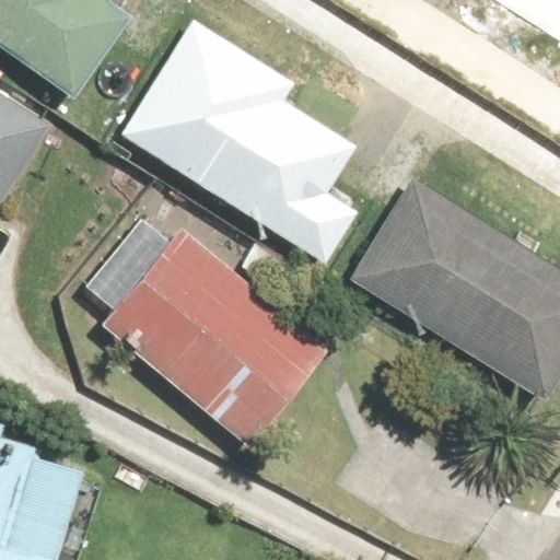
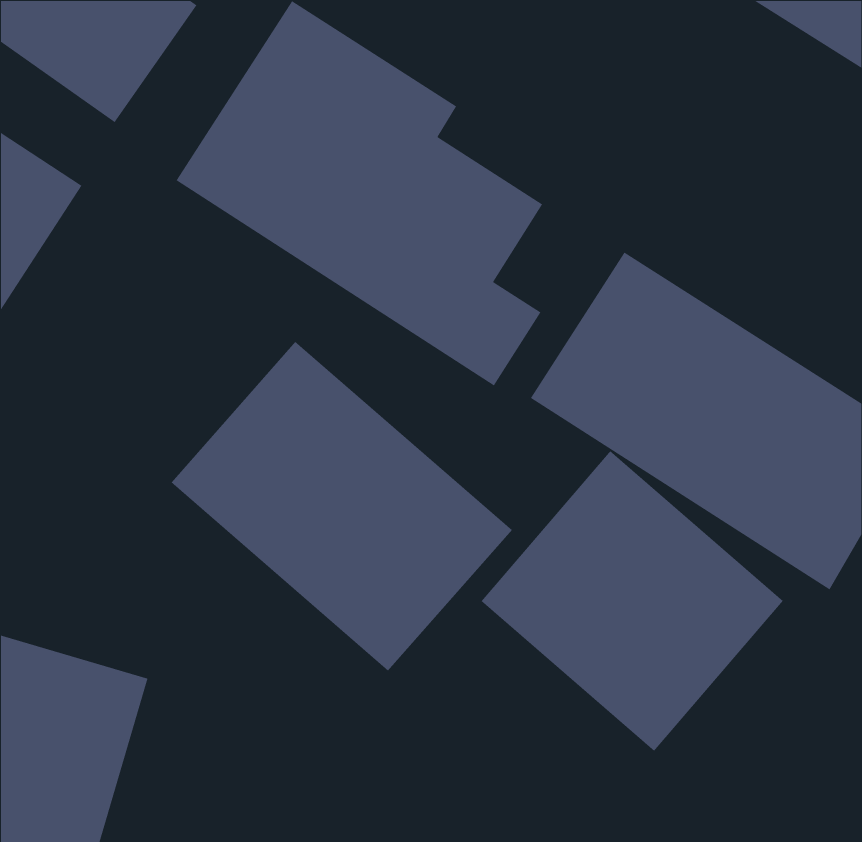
building: none -> [481,450,784,752]

